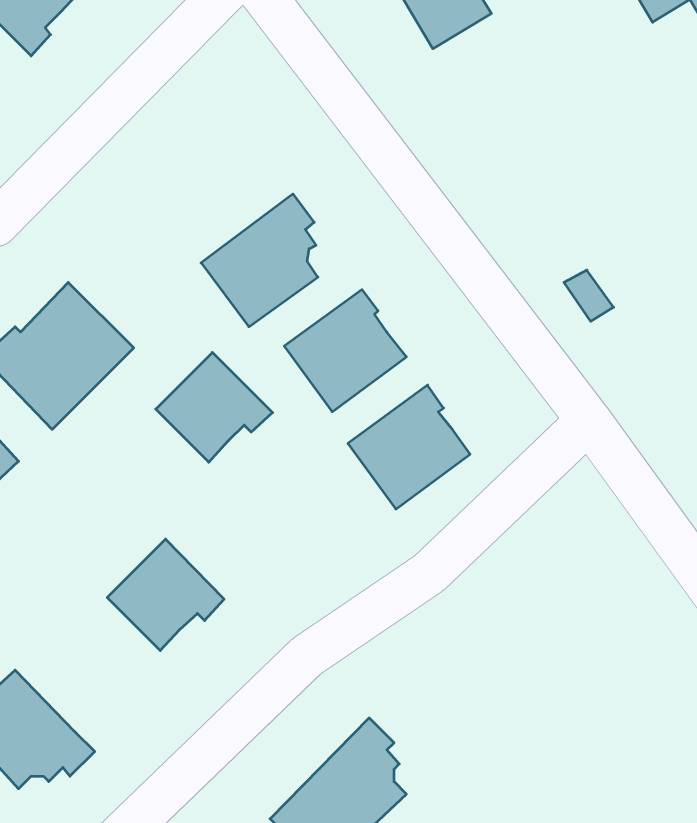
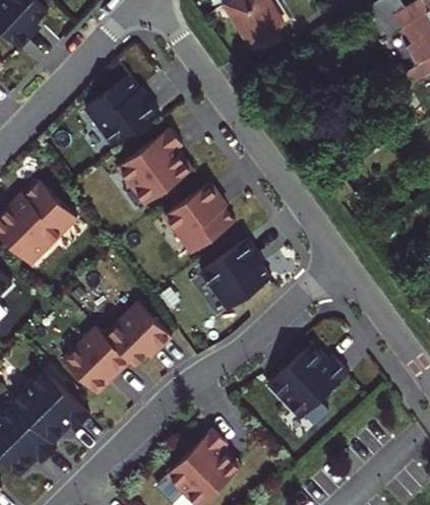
building: none -> [85,77,158,146]
building: [156,352,273,462] -> [105,304,172,367]
building: none -> [268,352,348,420]
building: none -> [10,370,89,438]

